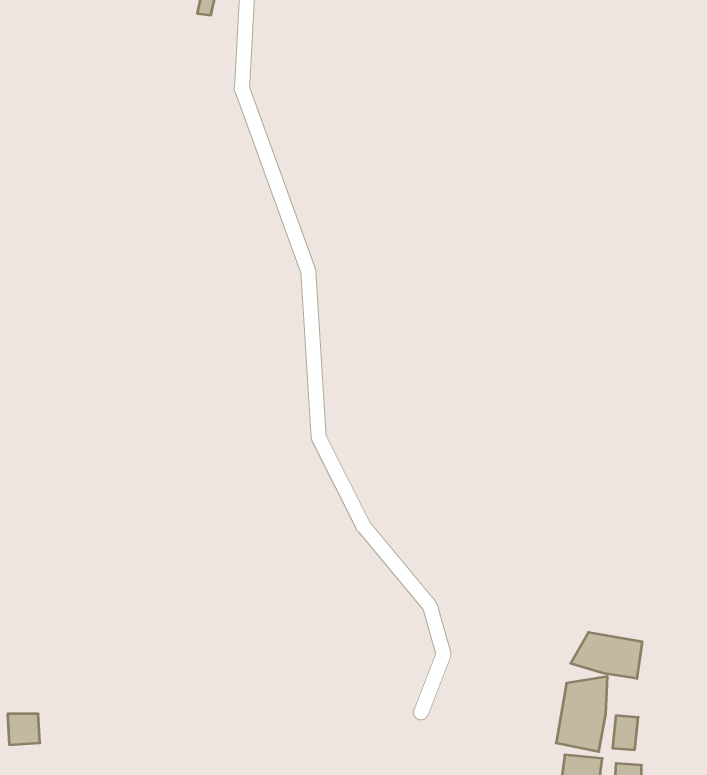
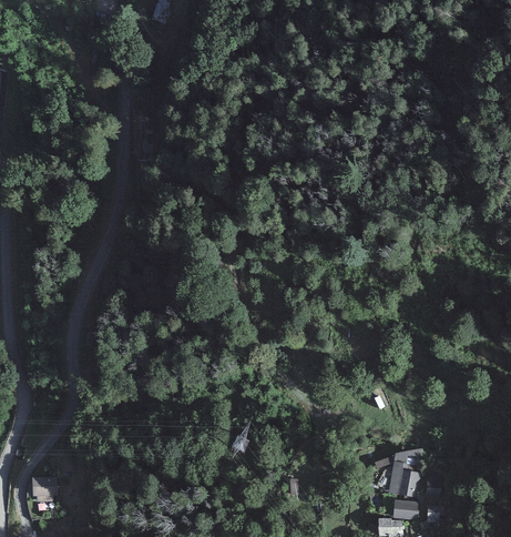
building: [571,632,642,679] -> none

